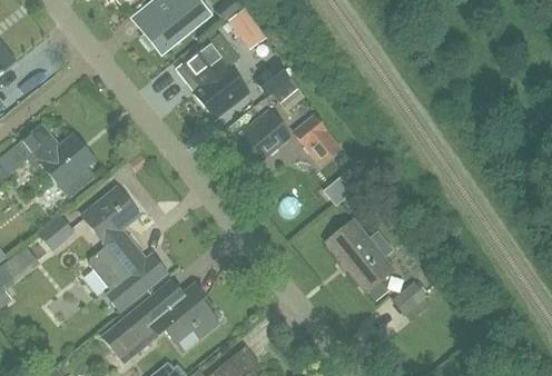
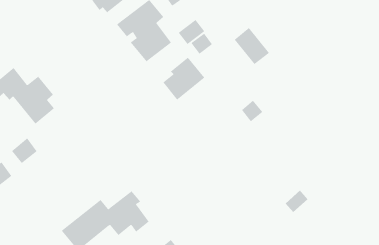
building: [294,115,341,164] -> [234,27,270,65]
building: [83,187,166,301] -> none
building: [326,219,394,290] -> none

